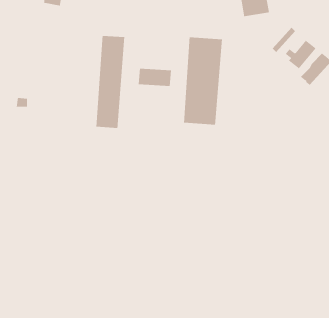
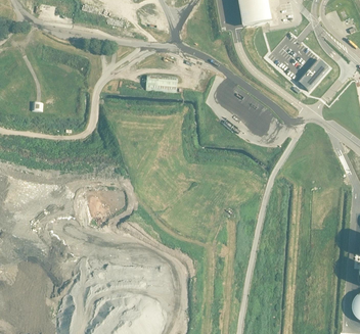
building: [96,35,125,129] -> none
building: [184,37,223,125] -> none

